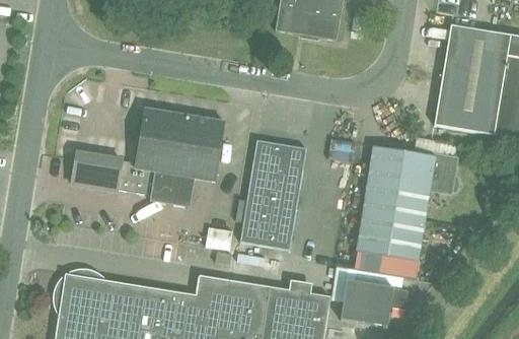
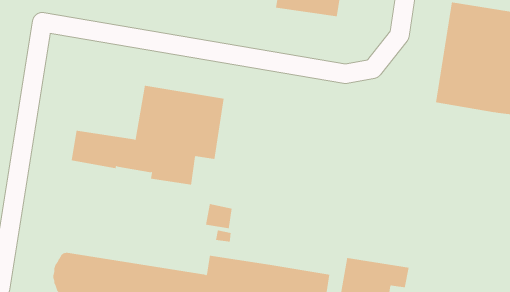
building: [354,137,458,276] -> none
building: [239,139,306,249] -> none

